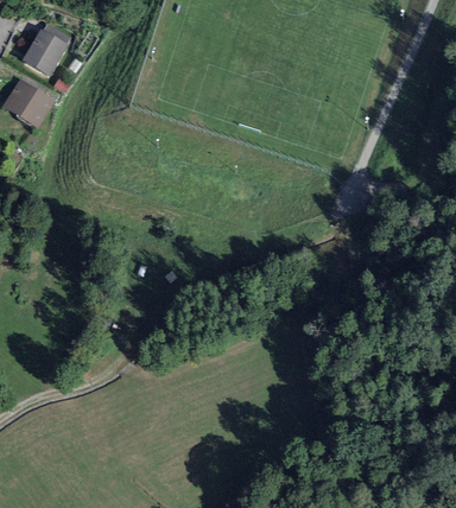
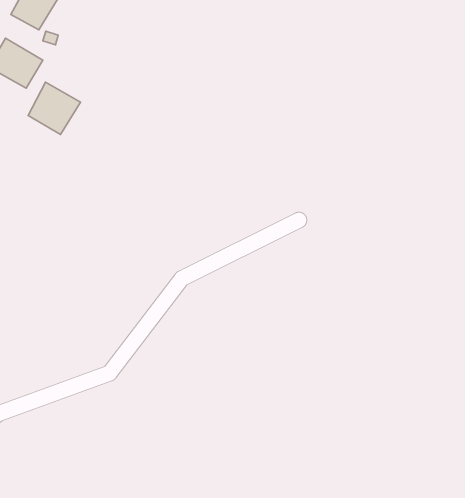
building: none -> [28,82,80,135]

